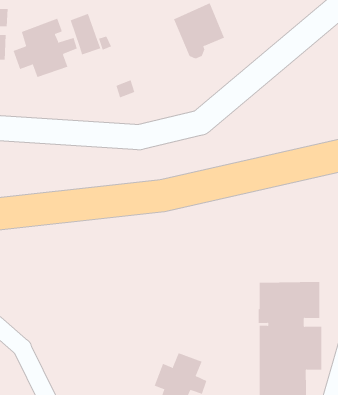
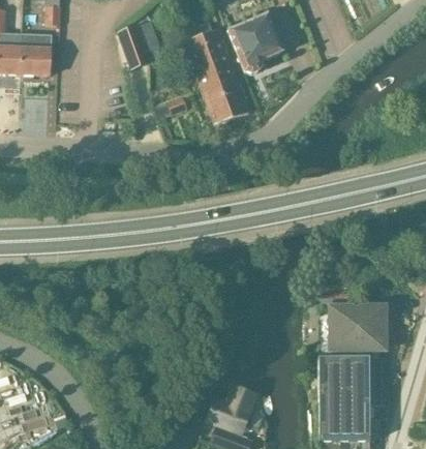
building: none -> [184,23,249,123]
building: [13,18,77,78] -> none

